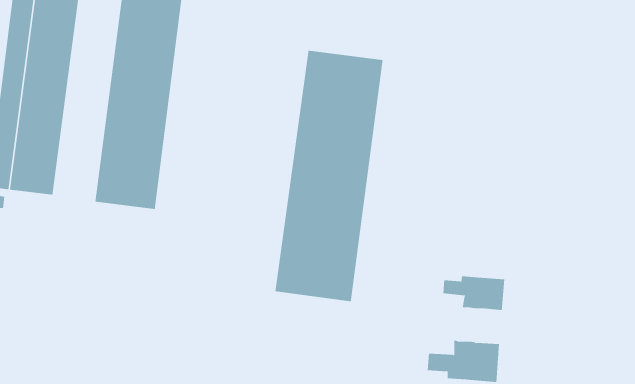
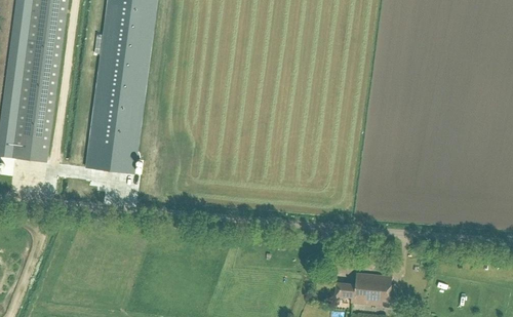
building: [275,50,383,302] -> none
building: [443,276,505,311] -> none

